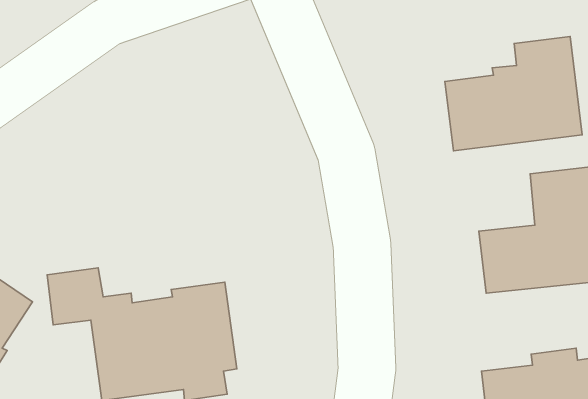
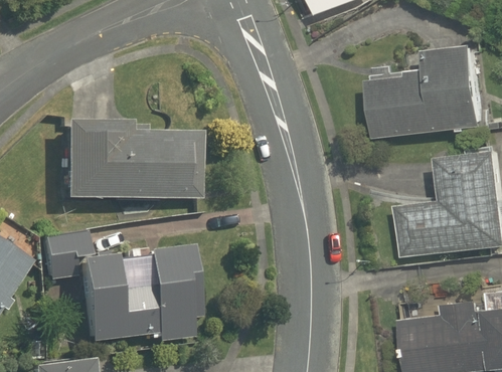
building: none -> [62,121,200,199]

